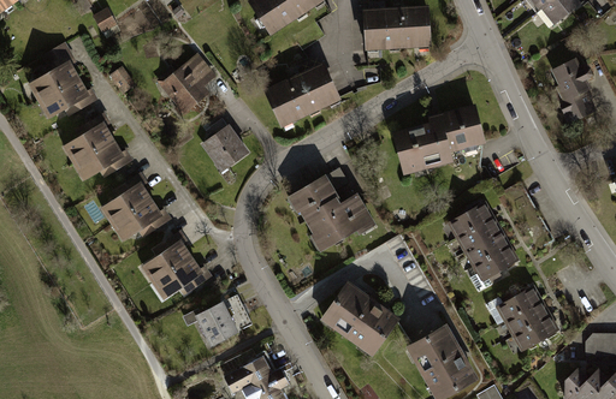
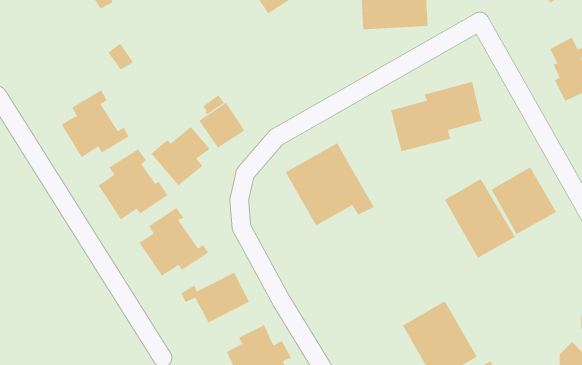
building: [28,43,97,120] -> none
building: [155,54,215,114] -> [150,126,210,186]
building: [263,64,342,127] -> none
building: [322,281,401,357] -> none
building: [494,282,561,351] -> [491,167,557,235]

